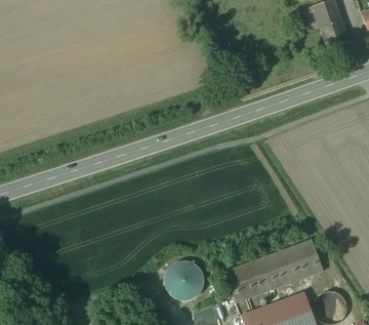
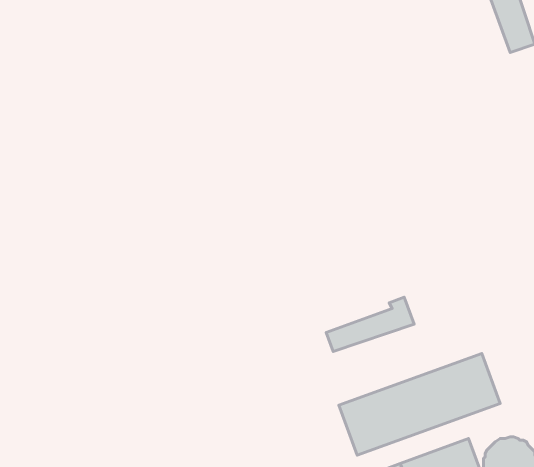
building: none -> [326,297,414,352]
building: [167,257,210,300] -> none

